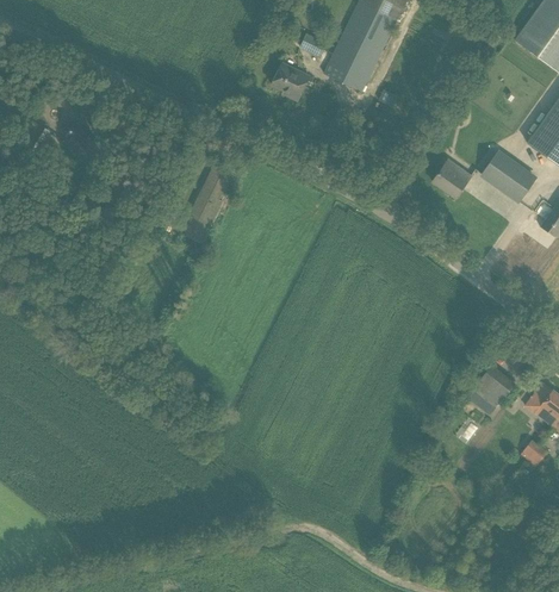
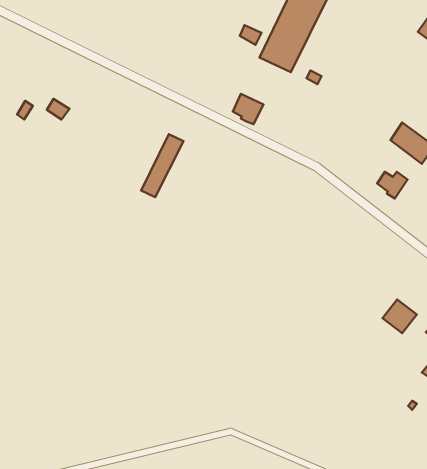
building: [272,63,309,100] -> [233,94,263,124]
building: [434,166,471,198] -> [377,172,408,198]

